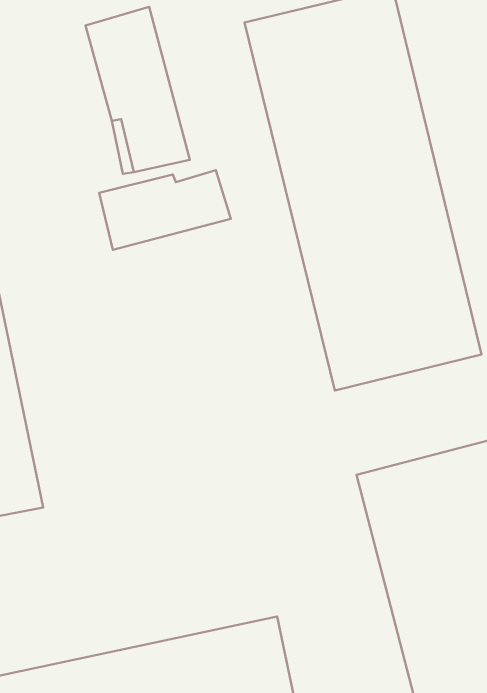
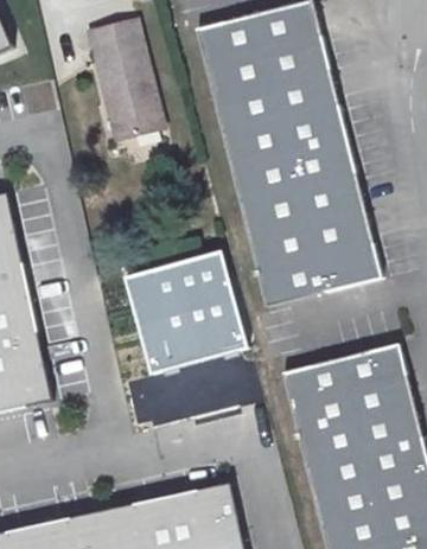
building: [99,170,231,250] -> none
building: none -> [121,253,241,374]

